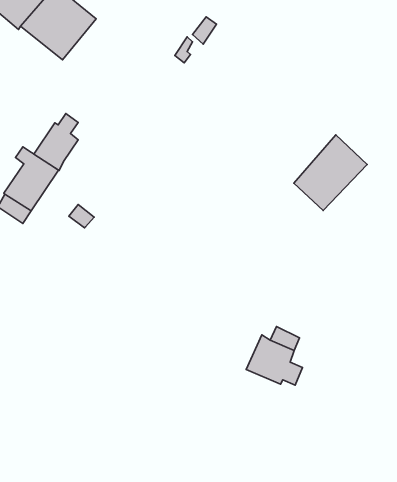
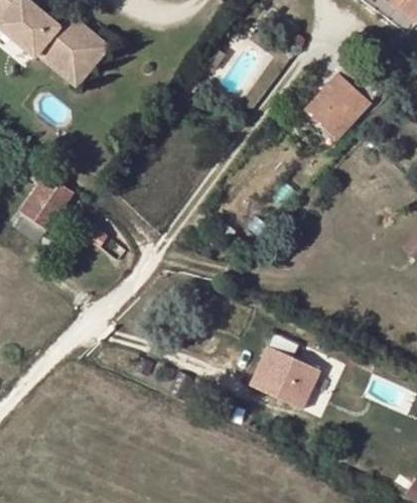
building: [34,114,78,170] -> none
building: [294,135,367,211] -> [308,65,379,137]

